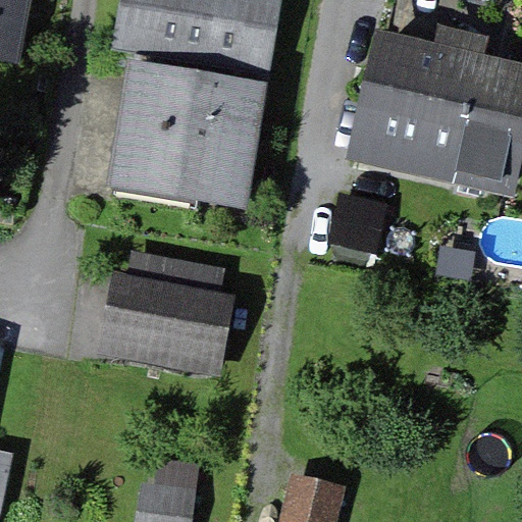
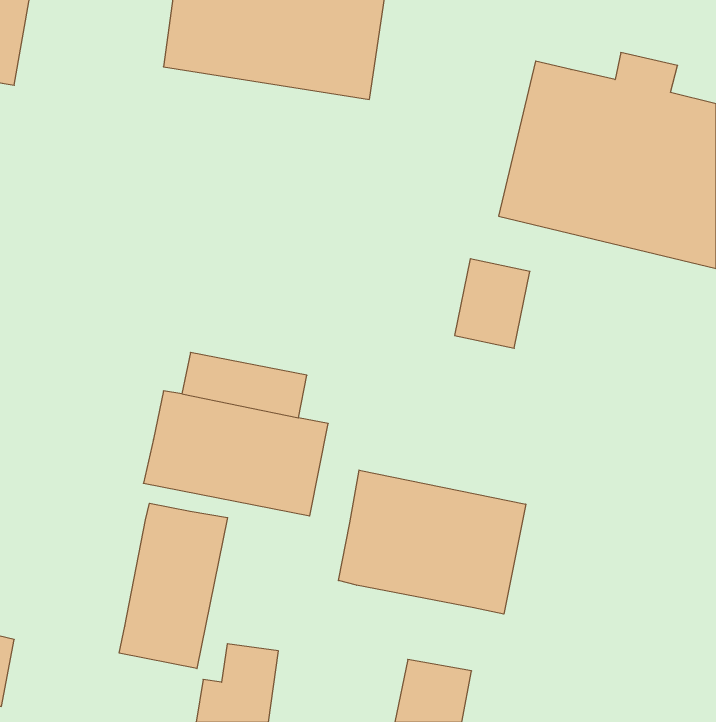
building: [109,70,261,209] -> none
building: none -> [338,470,526,614]
building: none -> [119,503,228,669]

